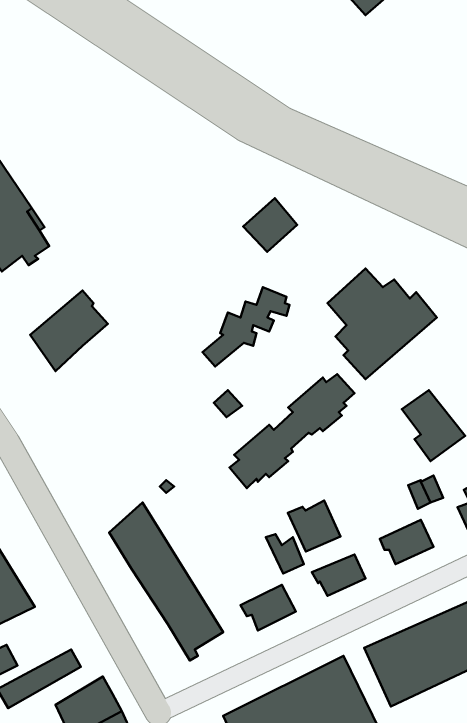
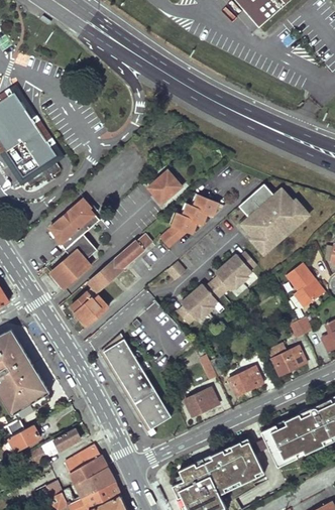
building: [243,198,297,252] -> [145,169,180,204]
building: none -> [50,234,97,288]
building: none -> [70,234,150,327]
building: [288,501,340,552] -> none

